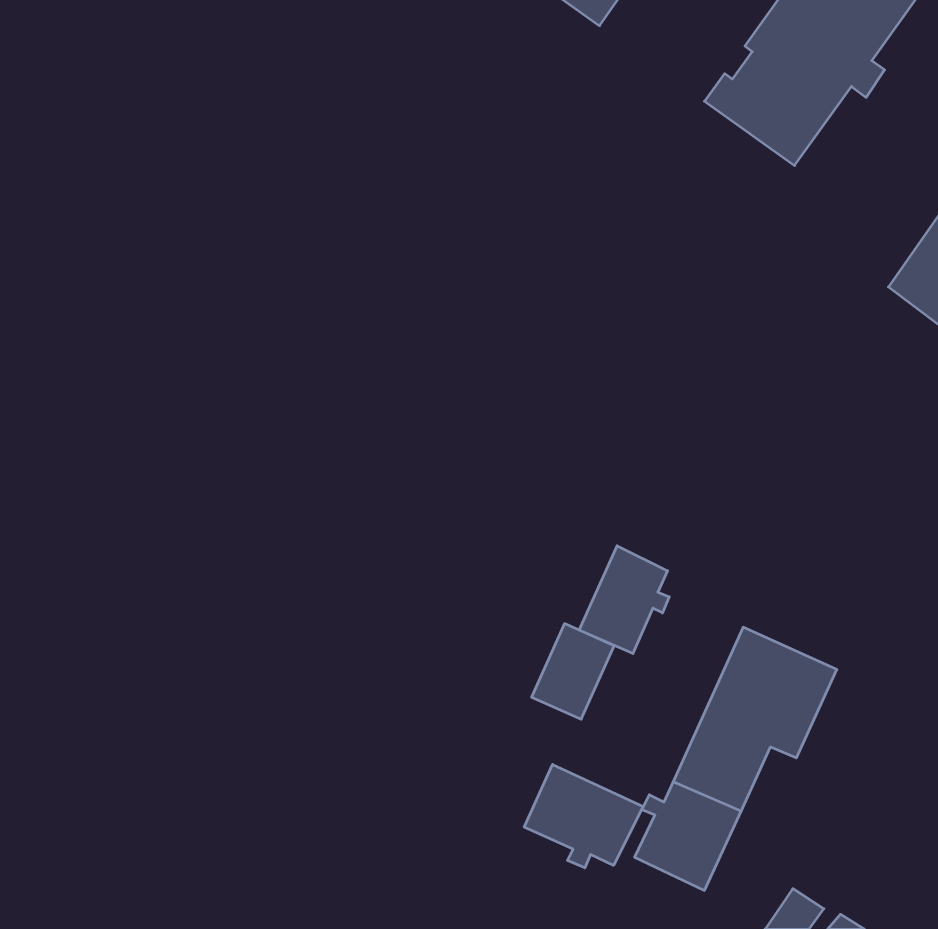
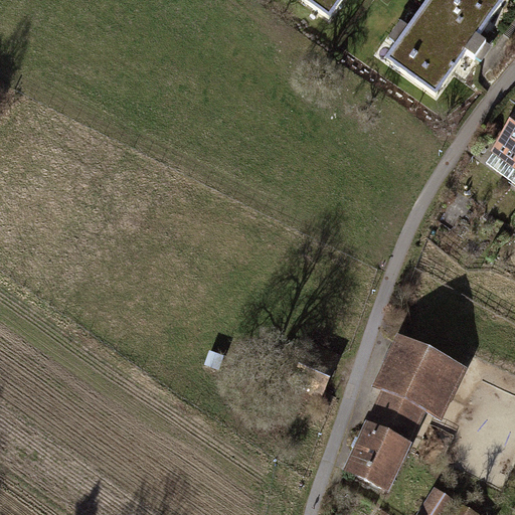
building: [579,546,669,654] -> none
building: [524,764,643,868] -> none

